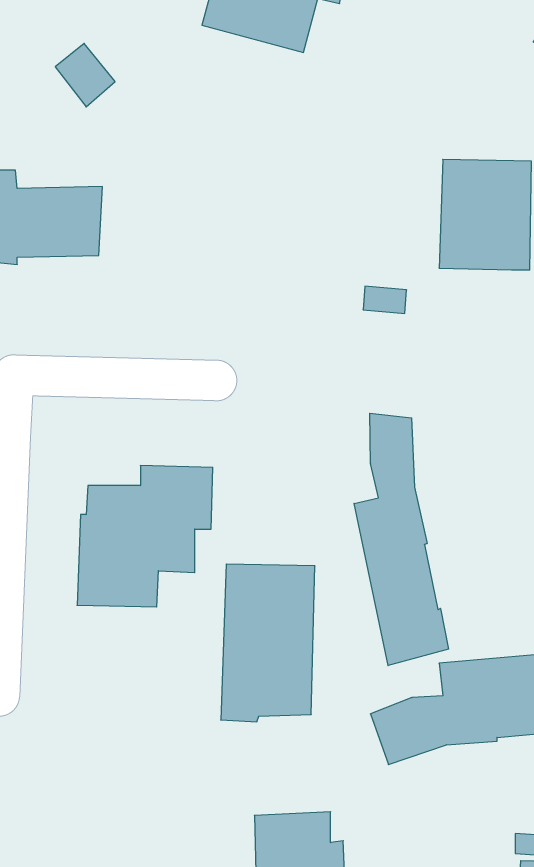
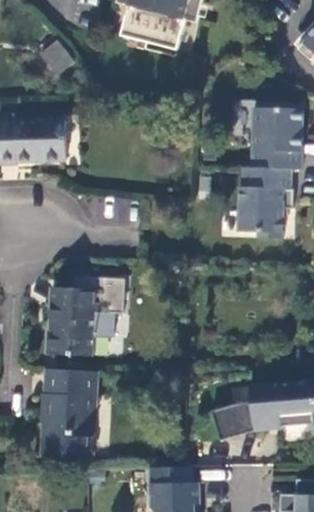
building: none -> [236,167,291,238]
building: [354,413,449,666] -> none
building: [221,564,315,722] -> [46,368,98,455]

